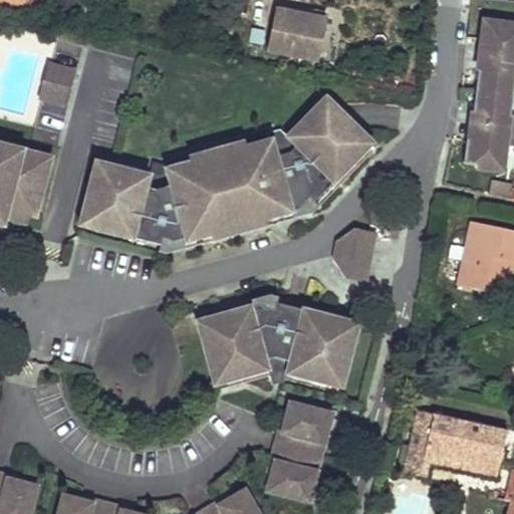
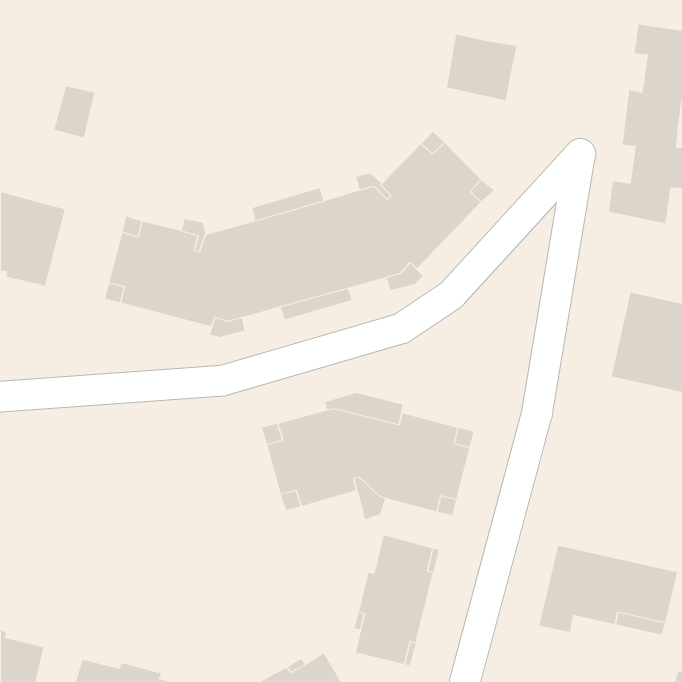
building: [271,8,324,58] -> [446,34,517,101]
building: [335,229,375,280] -> none

